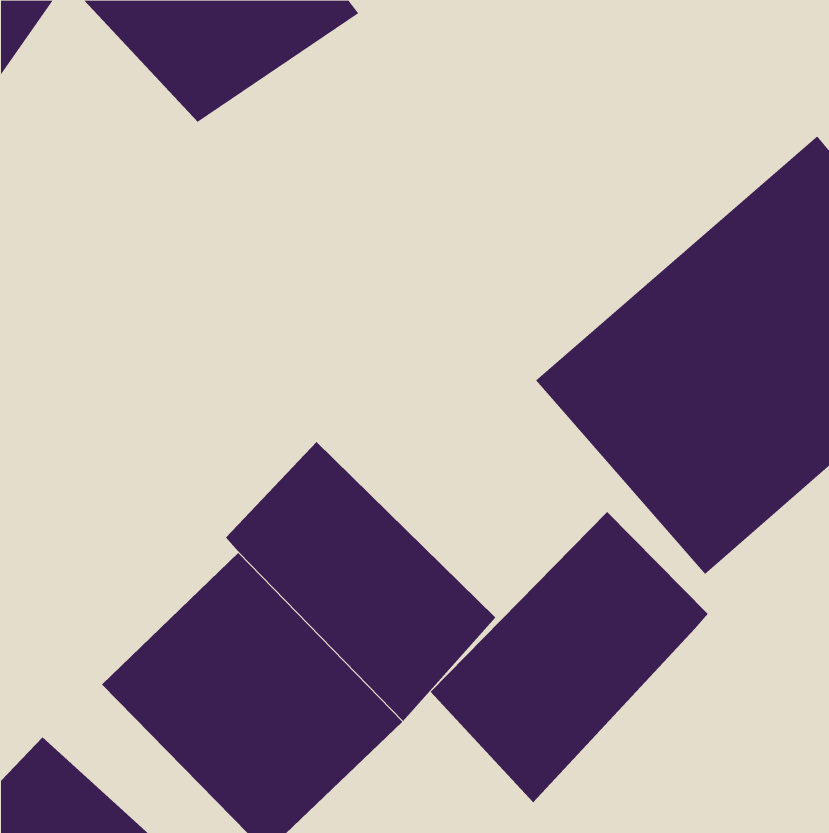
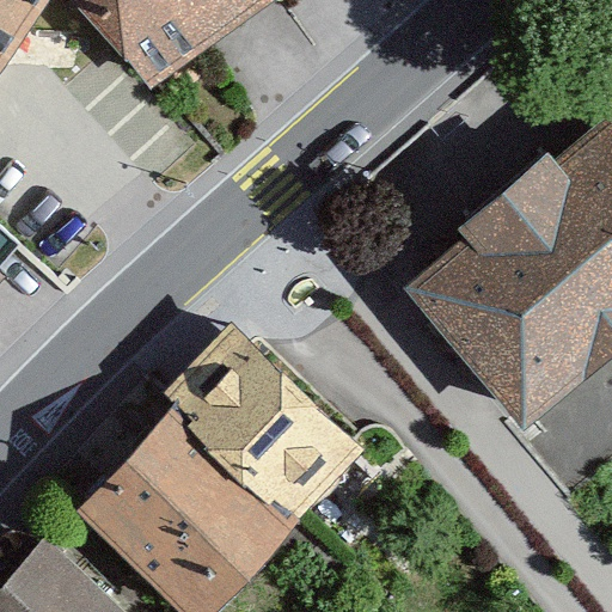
building: [430,511,708,803] -> none

